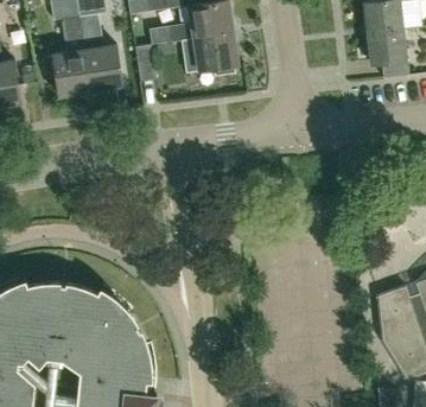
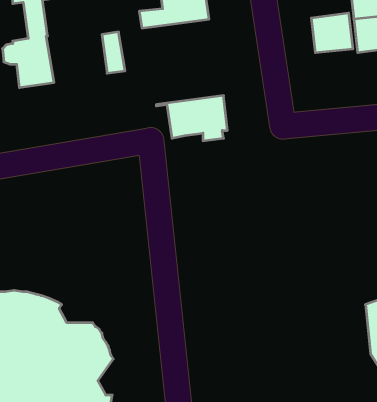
building: none -> [311,13,353,53]
building: [172,33,237,75] -> [156,96,227,141]
building: [84,44,123,91] -> none

